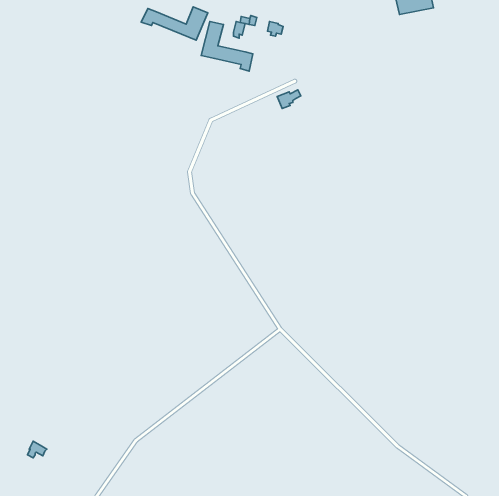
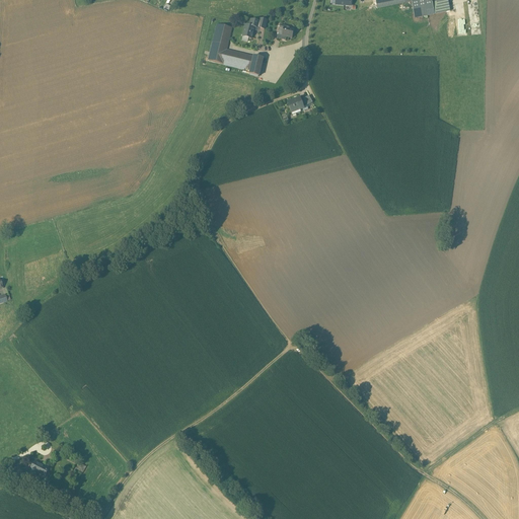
building: [141,7,208,40] -> none

